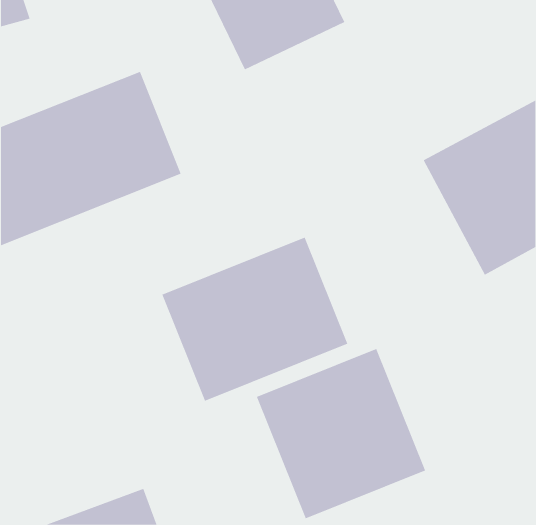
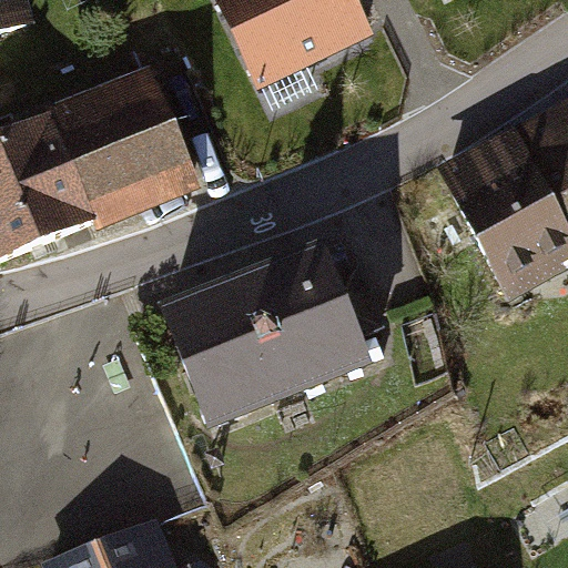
building: [256,348,426,519] -> none

